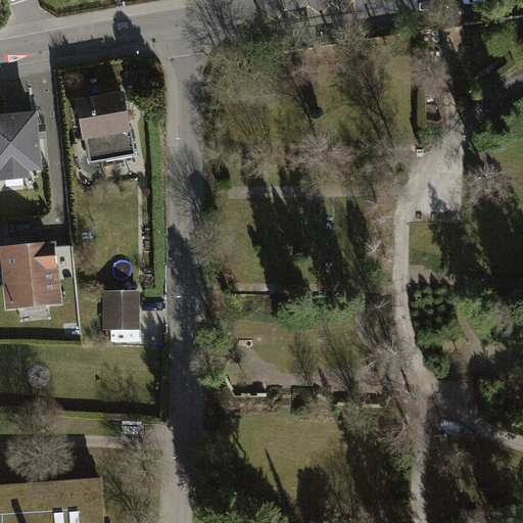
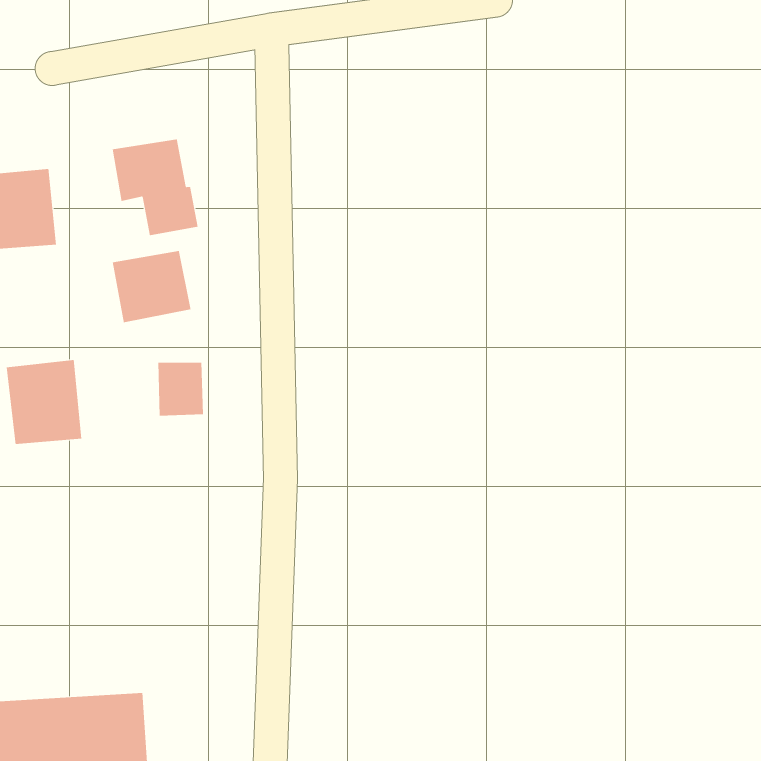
building: none -> [112,250,191,323]
building: [105,293,137,330] -> [157,362,204,416]

